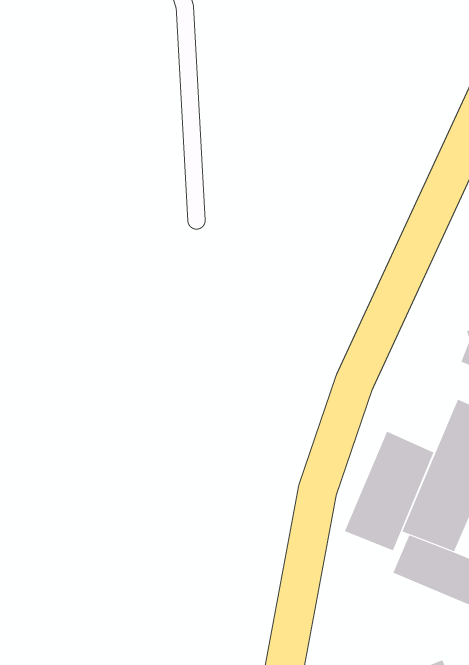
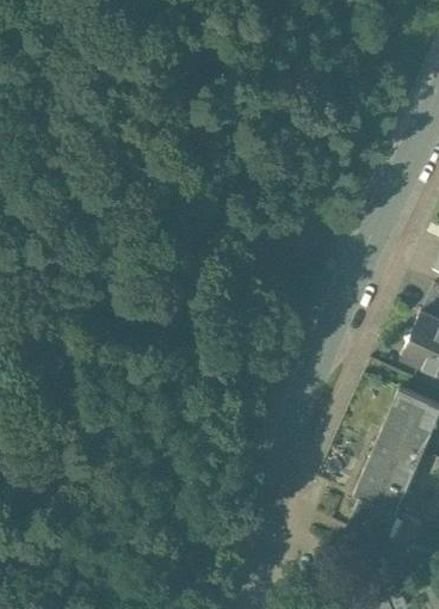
building: [344,431,434,551] -> none

